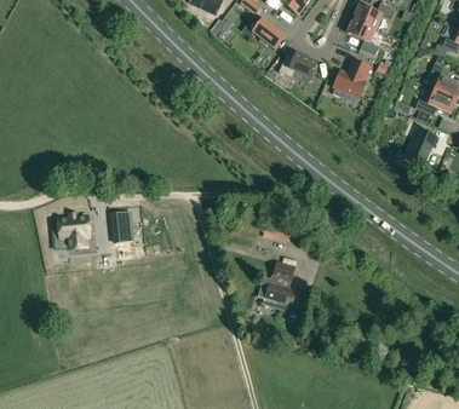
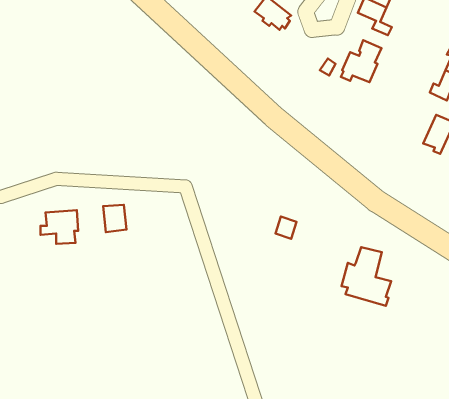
building: [279,52,317,76] -> none
building: [258,260,304,315] -> [341,247,391,306]

